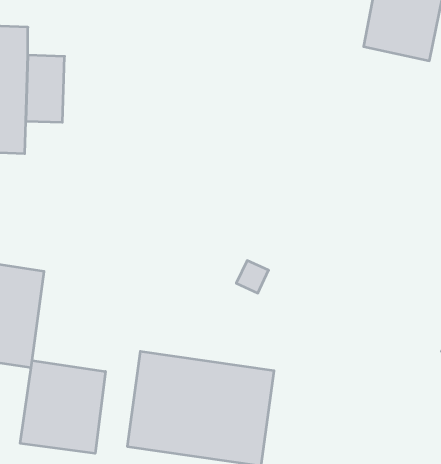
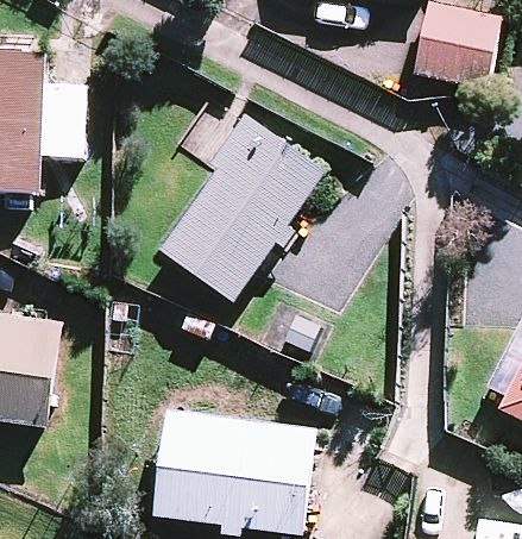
building: none -> [159,114,325,301]
building: [20,360,105,453] -> none

